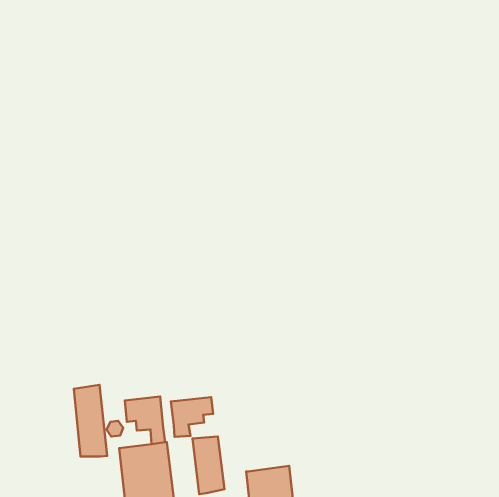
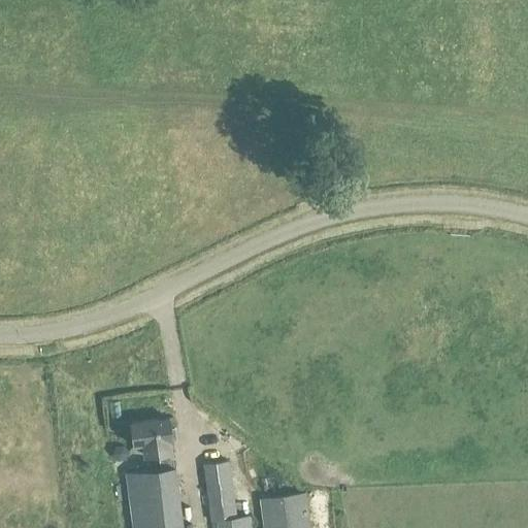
building: [74,385,107,456] -> none
building: [171,397,213,437] -> none

